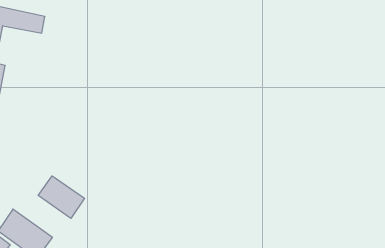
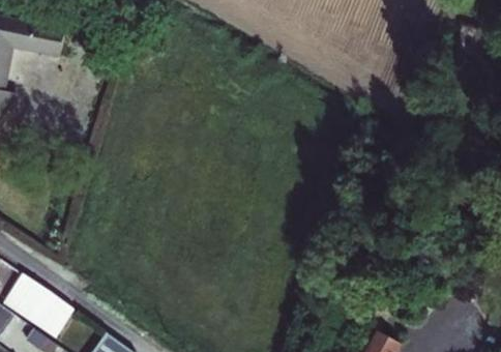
building: [38,176,85,218] -> none

